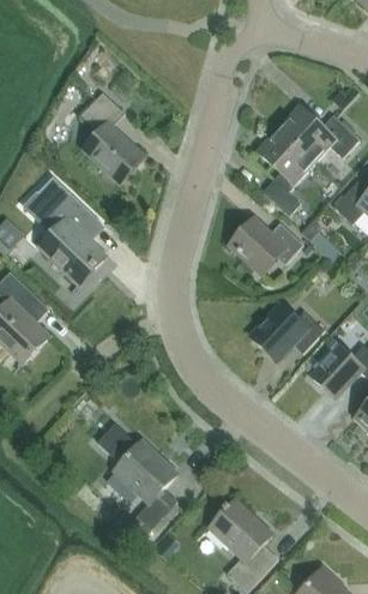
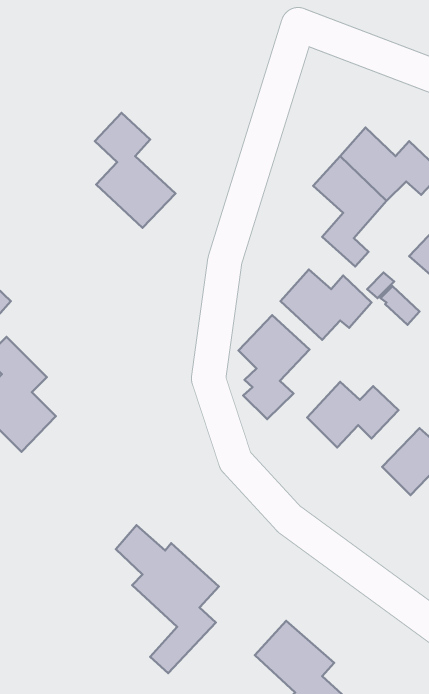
building: [31,175,107,284] -> none
building: none -> [238,315,310,419]

